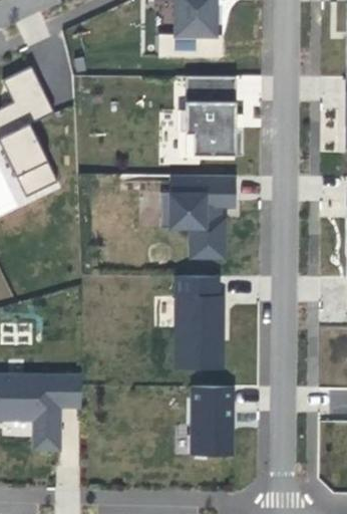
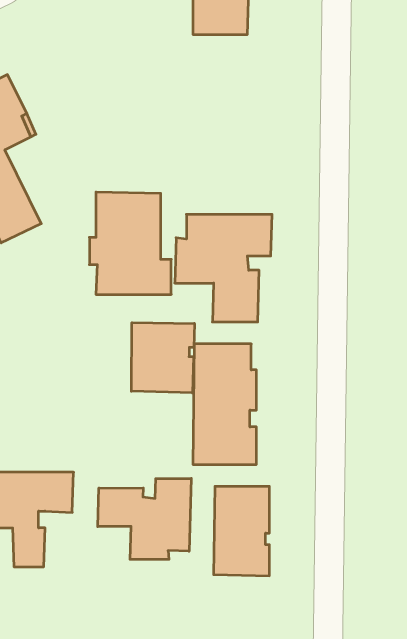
building: [180,76,243,156] -> [89,192,171,294]
building: none -> [131,323,194,393]
building: none -> [98,478,191,559]

